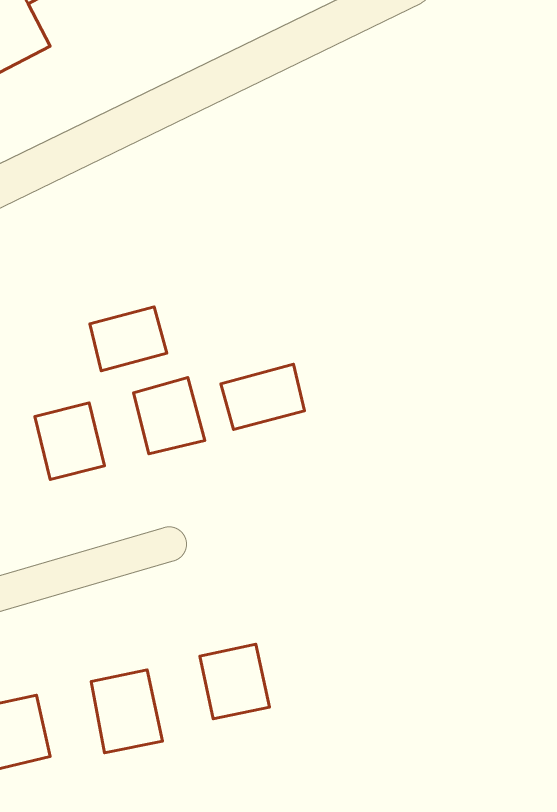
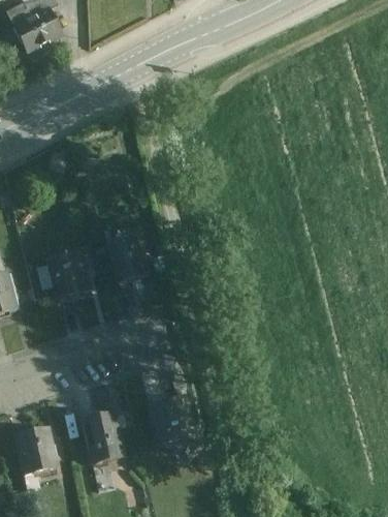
building: [90,307,167,371] -> none
building: [221,364,304,430] -> none

